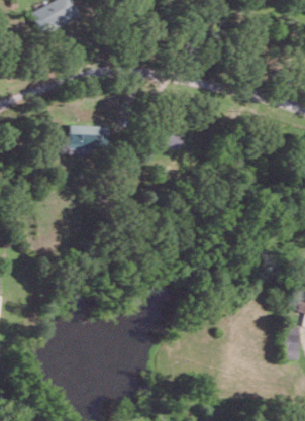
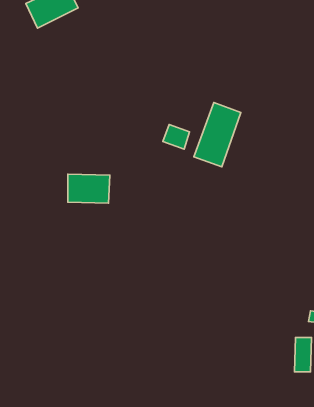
building: none -> [194,102,241,167]
building: [68,125,107,152] -> [68,174,110,203]

